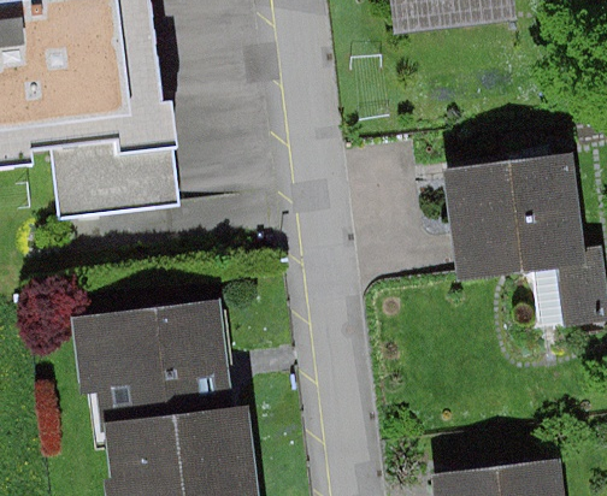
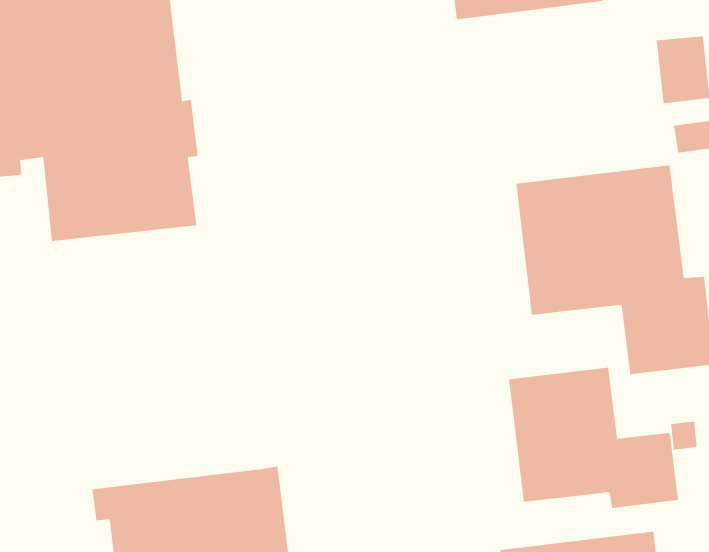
building: [76,297,231,425] -> none
building: none -> [509,367,679,509]

